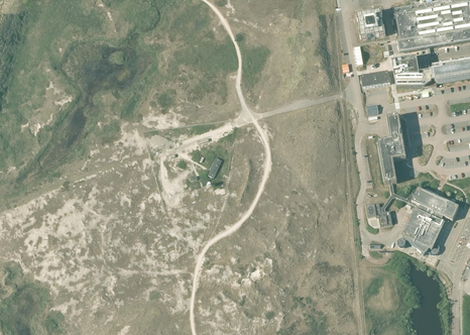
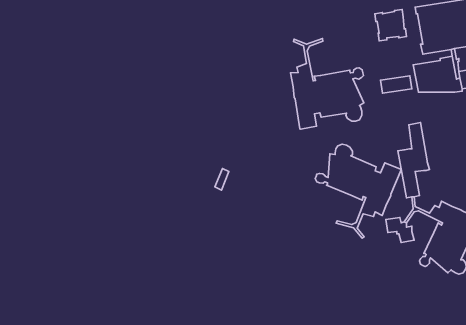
building: none -> [291,39,364,129]
building: none -> [315,144,401,238]

